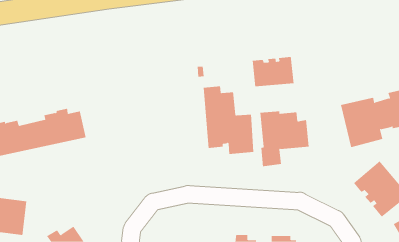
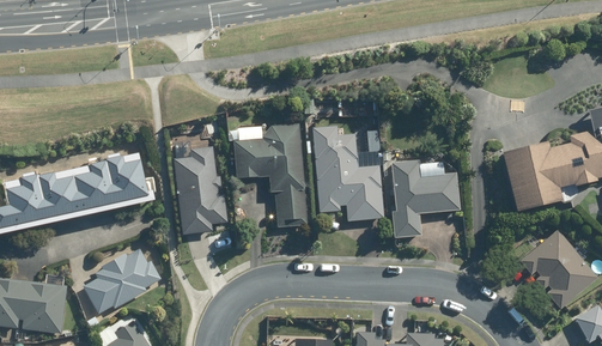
building: [252,56,294,87] -> none
building: none -> [233,123,306,227]
building: none -> [172,145,225,236]
building: none -> [83,249,160,315]

